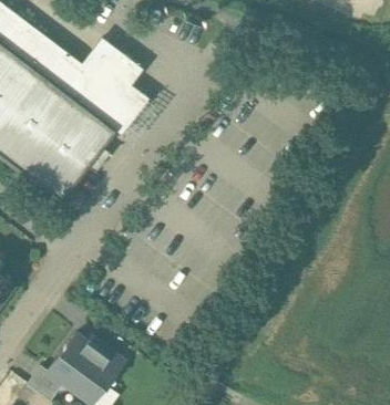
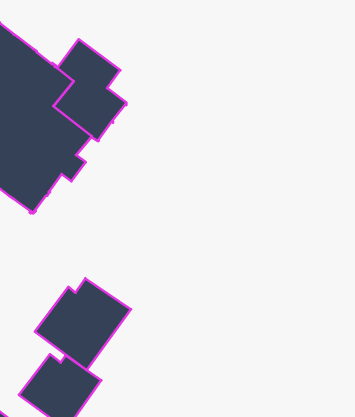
building: none -> [35,278,131,370]

